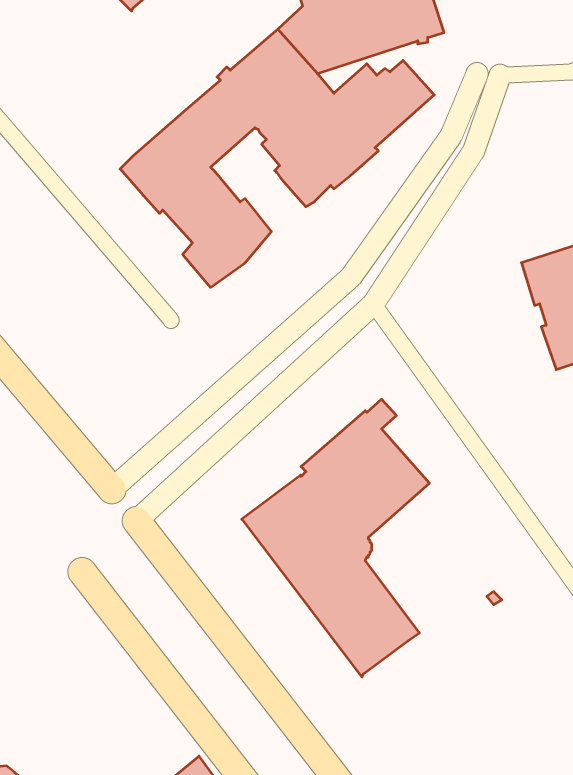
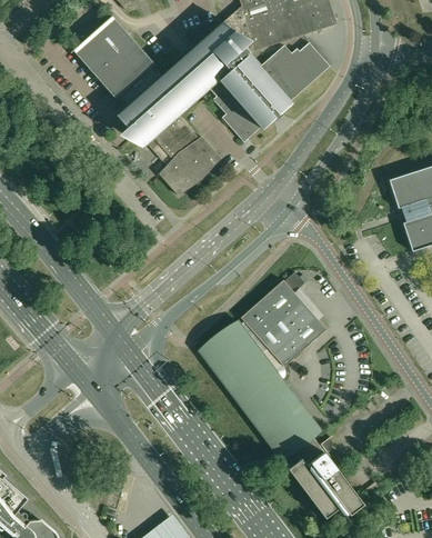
building: none -> [73,16,162,107]
building: none -> [282,435,363,517]

